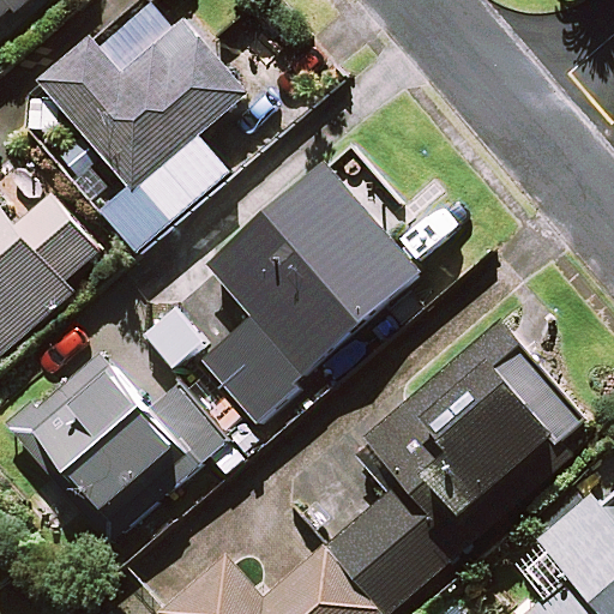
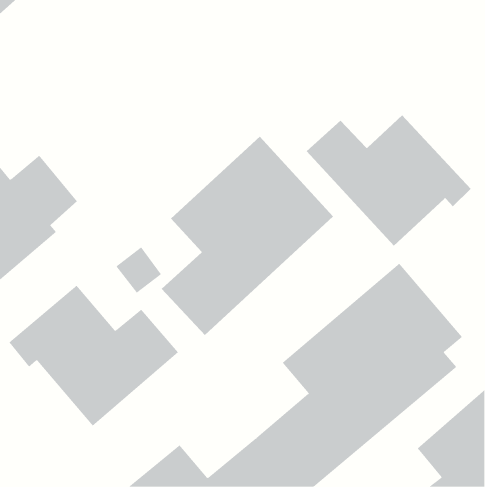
building: [41,10,246,251] -> none
building: none -> [306,114,471,246]

